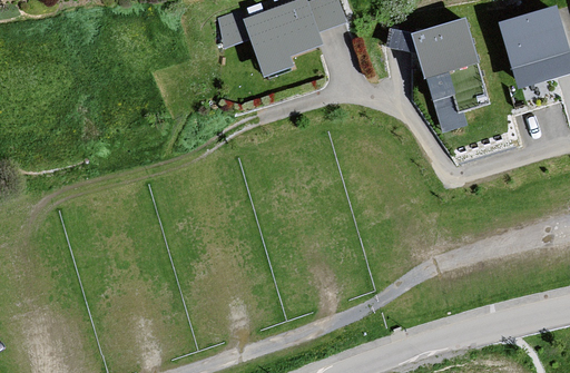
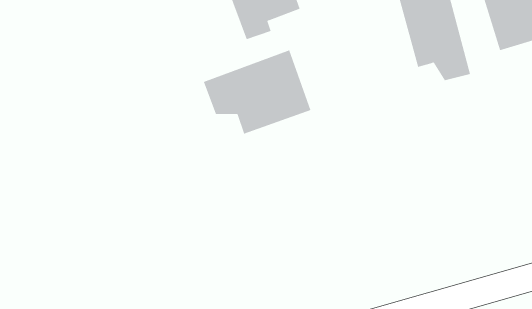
building: none -> [203,49,311,134]

